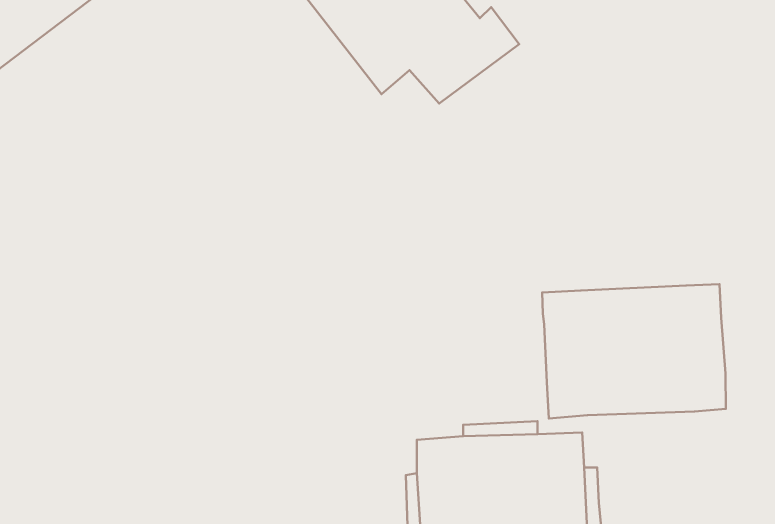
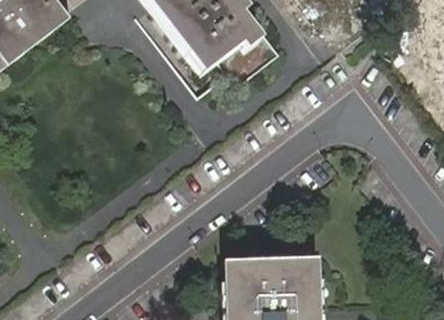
building: [542,284,726,418] -> none

